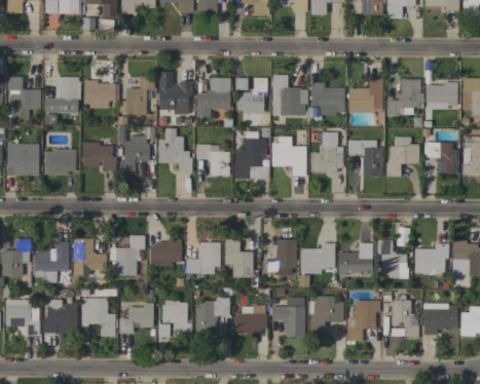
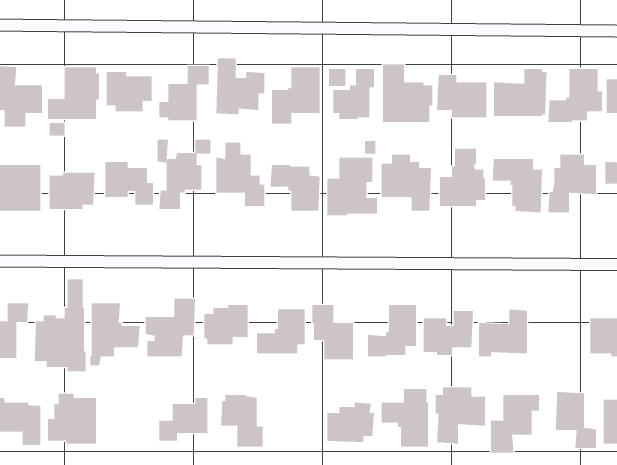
building: [374,240,408,278] -> none
building: [195,297,229,337] -> none
building: [81,298,115,336] -> none

